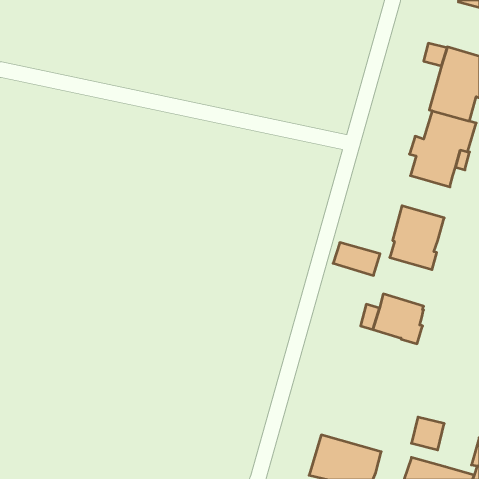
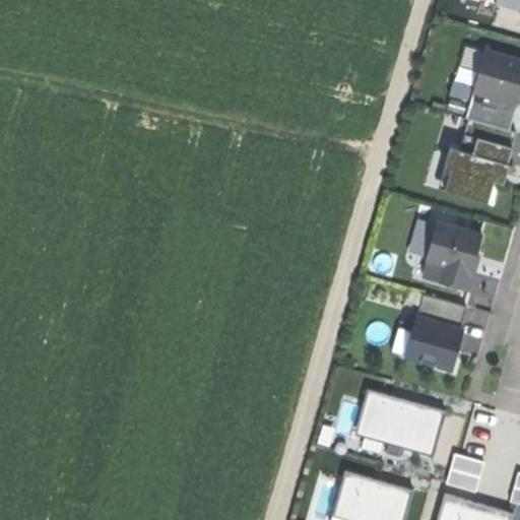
building: [333,243,380,275] -> [415,297,466,332]
building: none -> [358,390,447,454]

